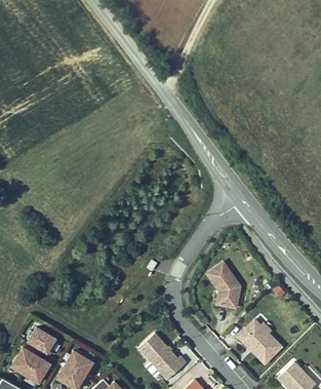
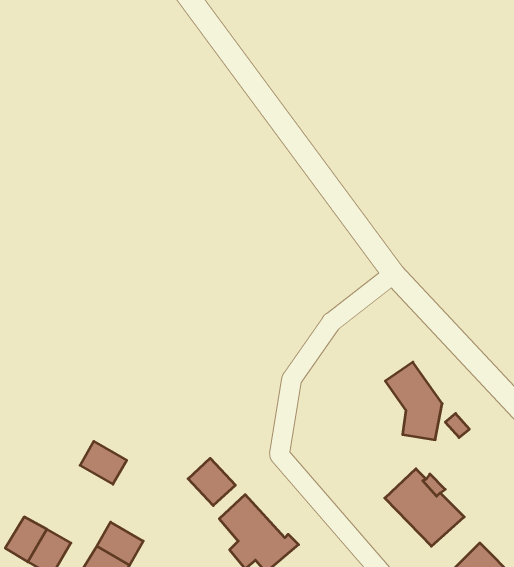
building: [206,262,240,308] -> [385,362,442,440]
building: none -> [188,458,235,506]
building: [28,326,55,352] -> [80,441,127,484]

